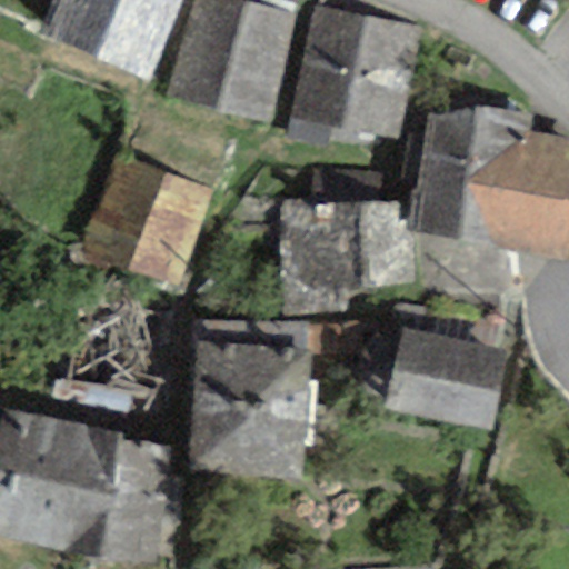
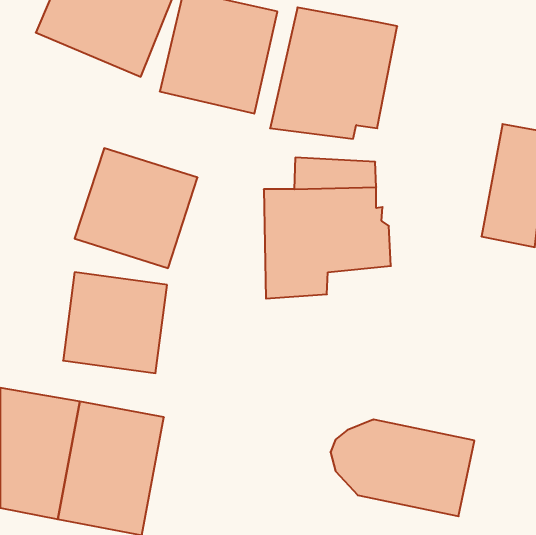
building: [408,96,536,250] -> none
building: [357,327,509,429] -> [330,420,474,516]
building: [189,341,311,479] -> none

